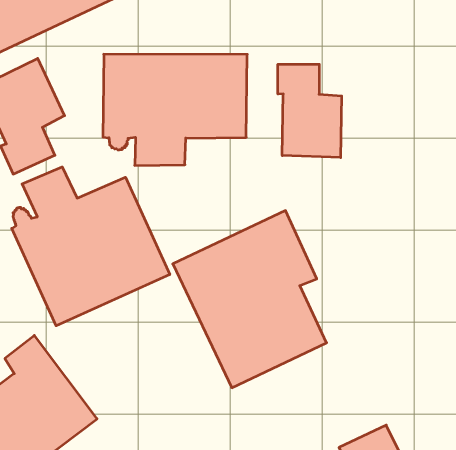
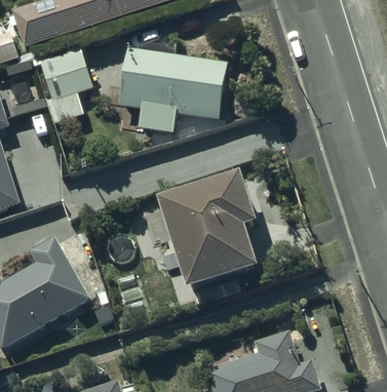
building: [278,64,342,158] -> none
building: [12,167,170,326] -> none

